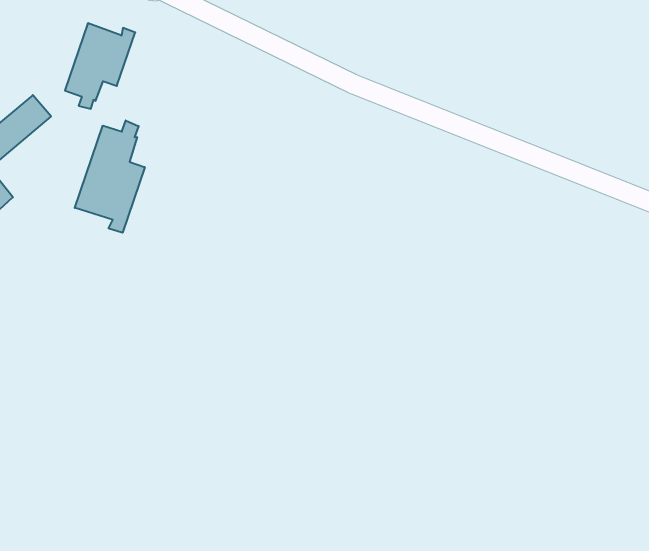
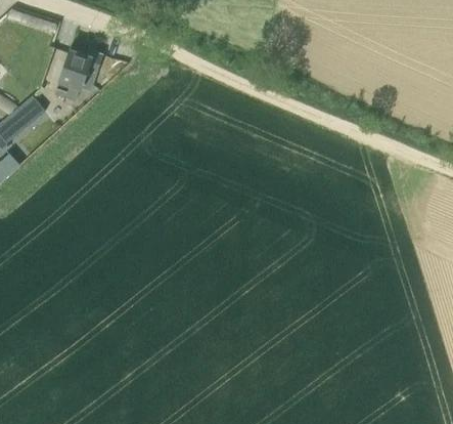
building: [75,120,145,233] -> none

